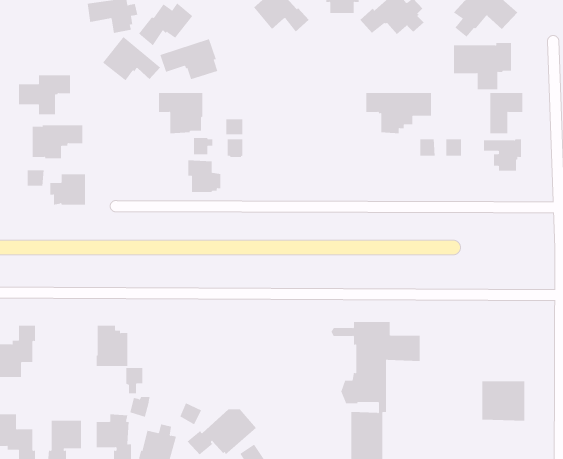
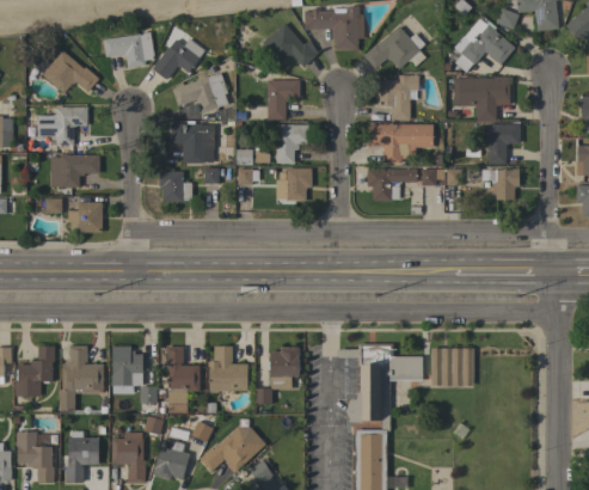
building: [102,36,161,81] -> [42,50,98,93]
building: none -> [375,75,418,120]
building: none -> [268,80,299,120]
building: none -> [276,124,308,163]
building: none -> [277,169,311,201]
building: none -> [367,169,416,201]
building: [188,160,221,192] -> [159,171,191,202]
building: none -> [59,345,103,411]
building: none -> [209,345,247,392]
building: none -> [166,347,200,404]
building: none -> [254,347,300,403]
building: [481,381,525,421] -> [431,348,473,386]

